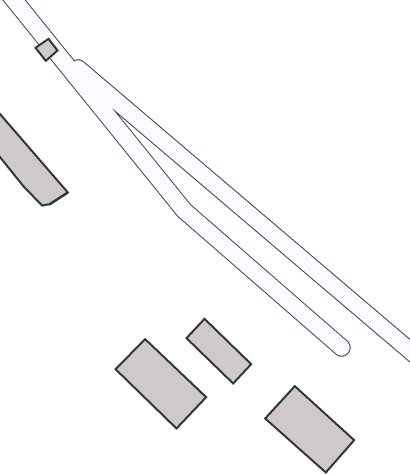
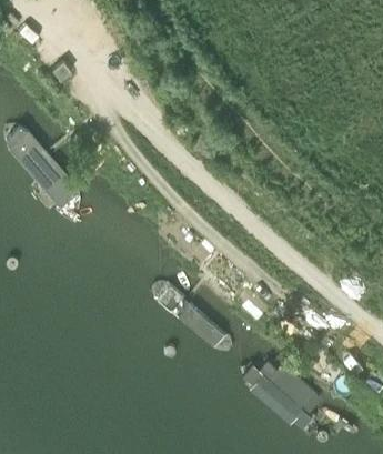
building: [115,339,206,428] -> none

